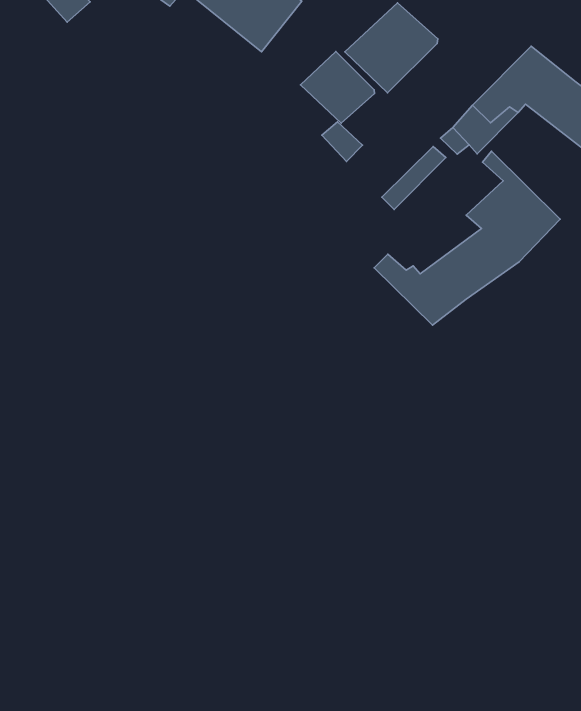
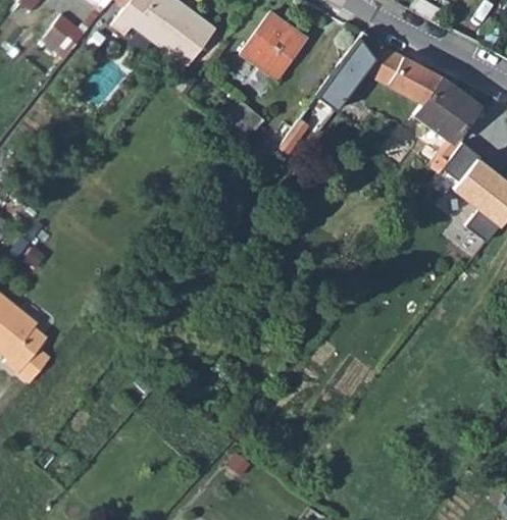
building: [301,51,374,123] -> none
building: [374,151,560,325] -> none

